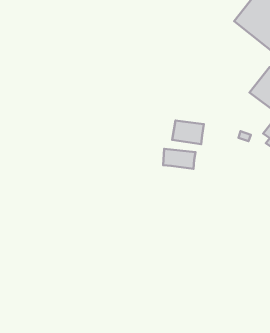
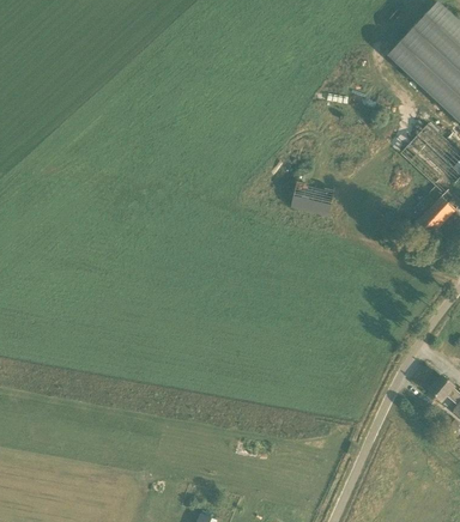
building: [163,149,195,169] -> none

